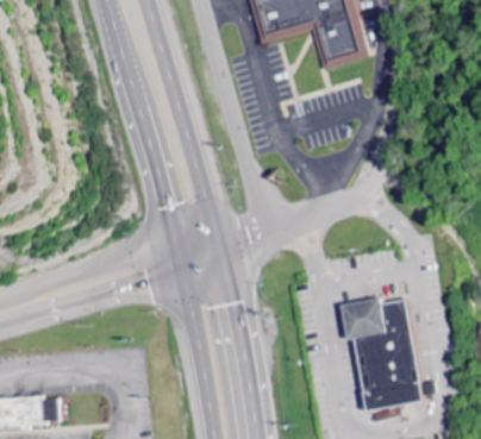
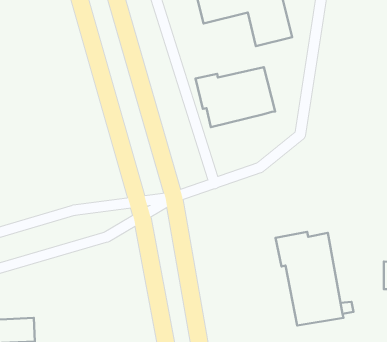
building: none -> [195,67,275,127]

